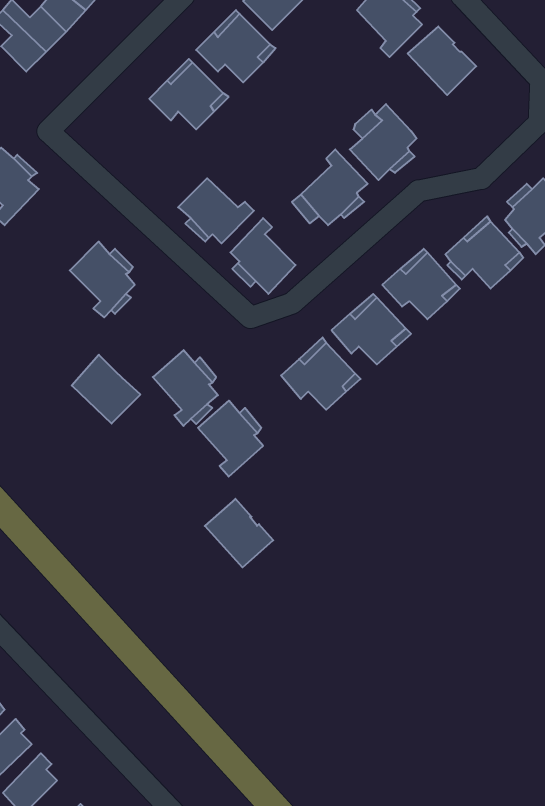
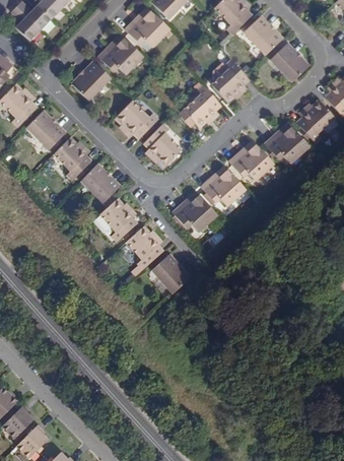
building: none -> [269,44,308,82]
building: none -> [72,62,111,101]
building: none -> [26,111,65,149]
building: [72,355,140,424] -> [81,163,120,202]
building: [205,499,273,567] -> [151,255,190,293]

